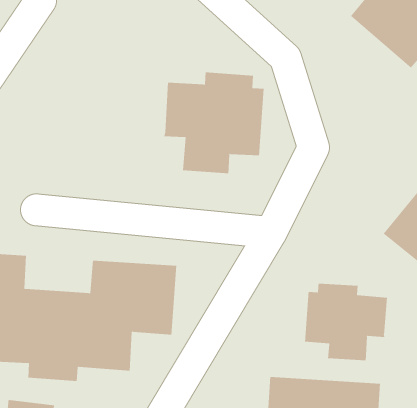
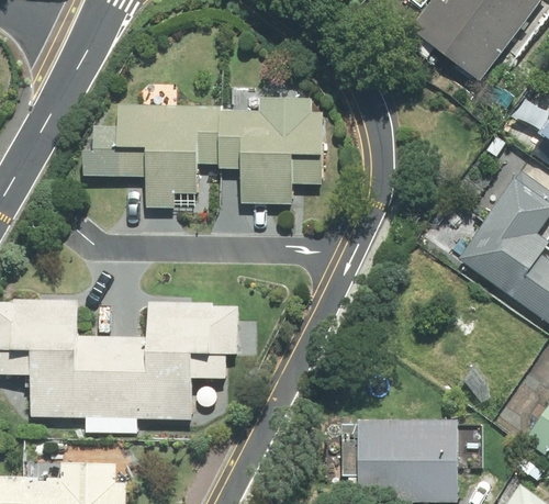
building: none -> [81,103,217,206]
building: [305,283,388,361] -> none

